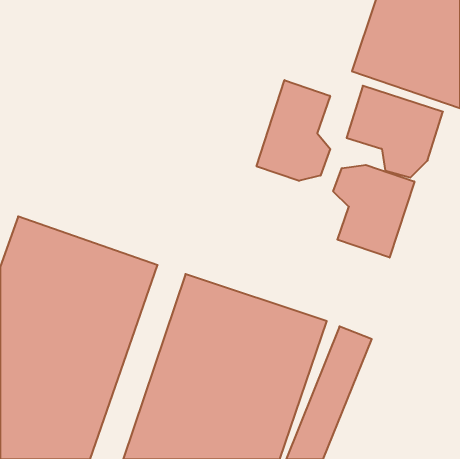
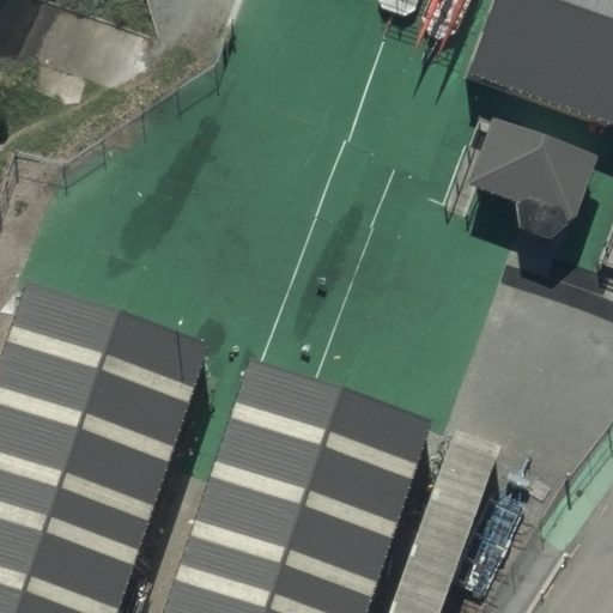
building: [257,80,330,181] -> none
building: [333,165,414,258] -> none

